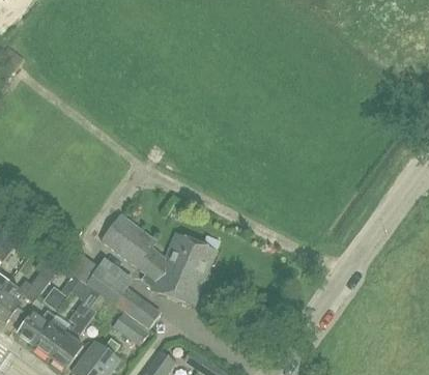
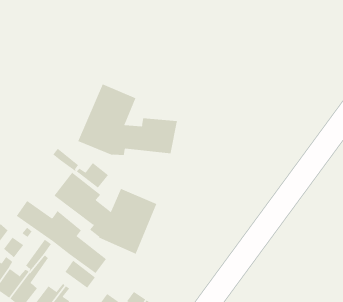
building: none -> [78,84,178,156]
building: none -> [53,148,109,188]

